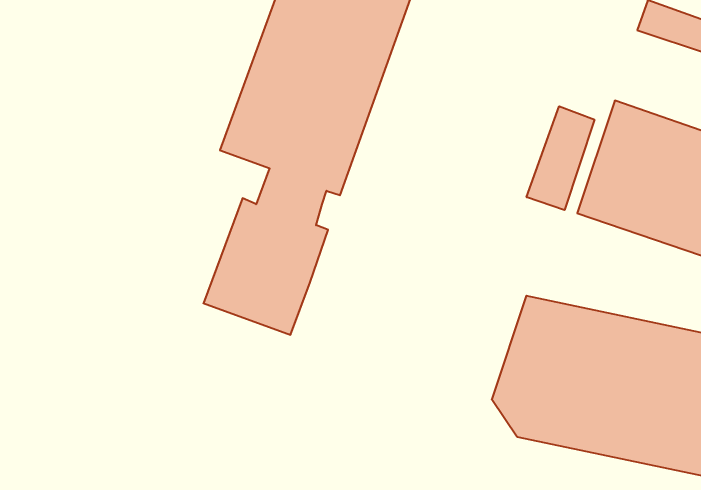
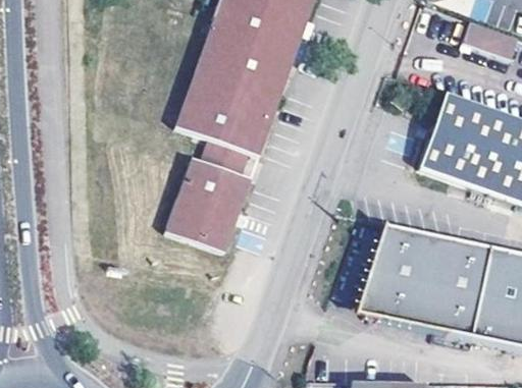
building: [527,106,594,210] -> none

